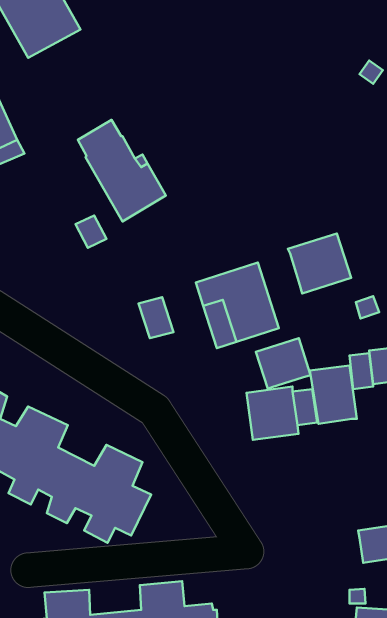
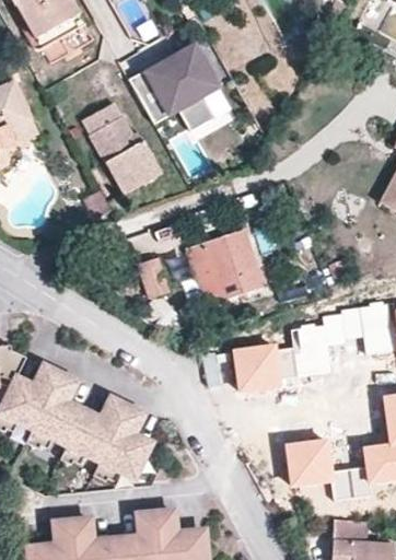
building: none -> [129,46,220,133]
building: [288,233,351,293] -> none
building: [256,338,311,389] -> none
building: none -> [287,435,333,480]

